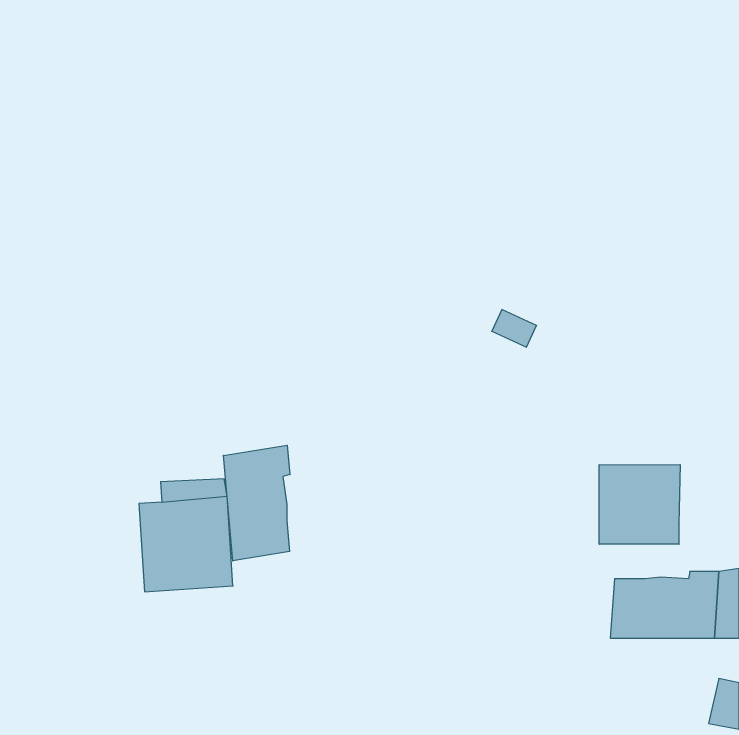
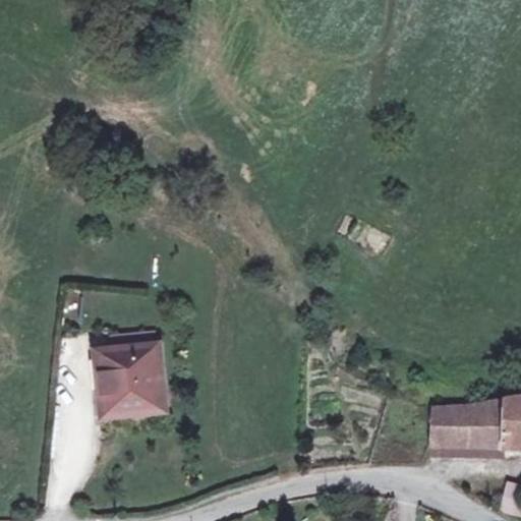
building: [223,445,290,561] -> none
building: [599,465,680,544] -> none

